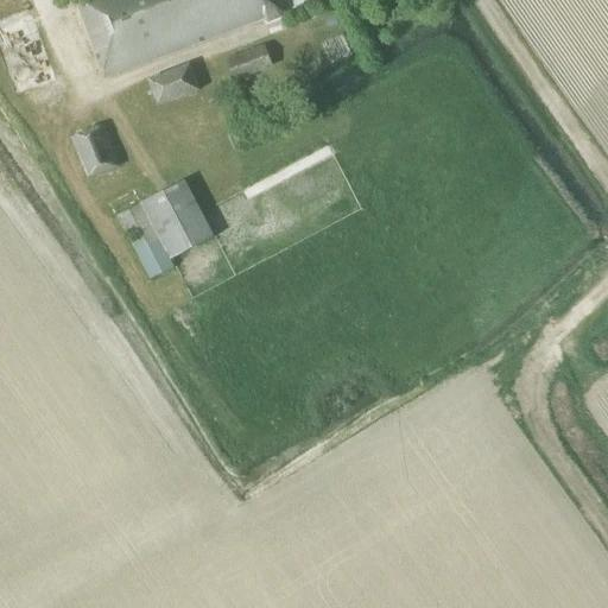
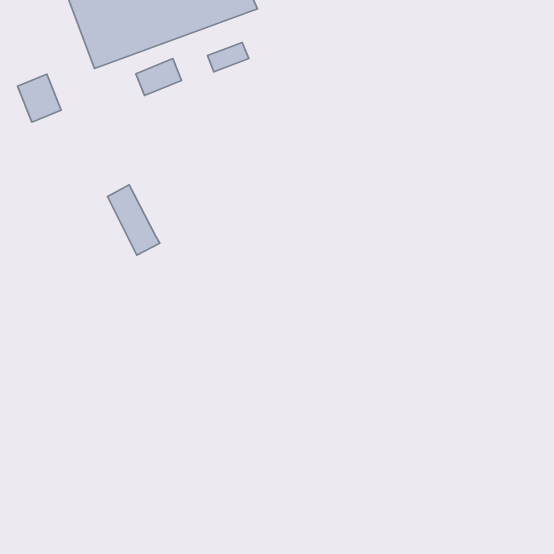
building: [72,125,120,177] -> [18,74,61,122]
building: [142,180,214,258] -> none

